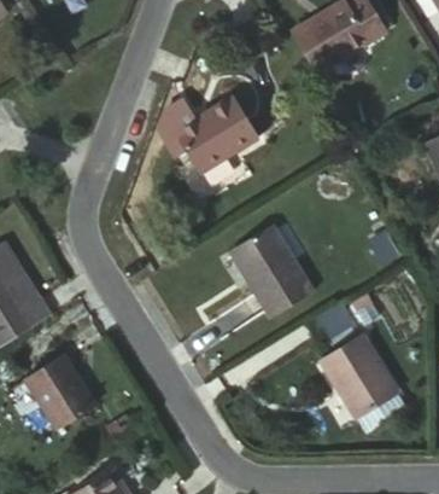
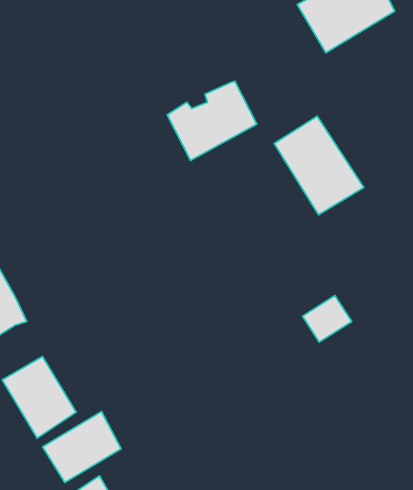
building: [230,225,314,316] -> [274,116,364,215]
building: [323,336,397,415] -> none
building: none -> [43,412,121,483]

